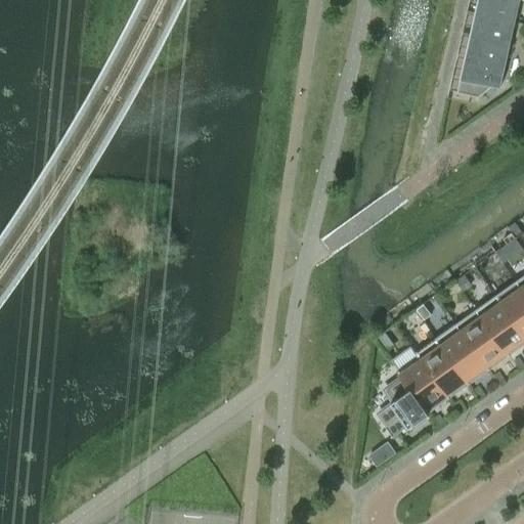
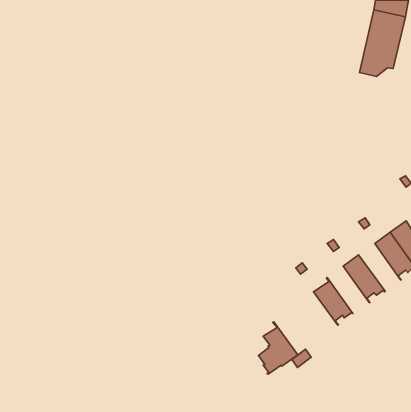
building: [456,309,510,369] -> none
building: [417,338,470,398] -> none
building: [380,370,430,437] -> [258,322,298,374]

